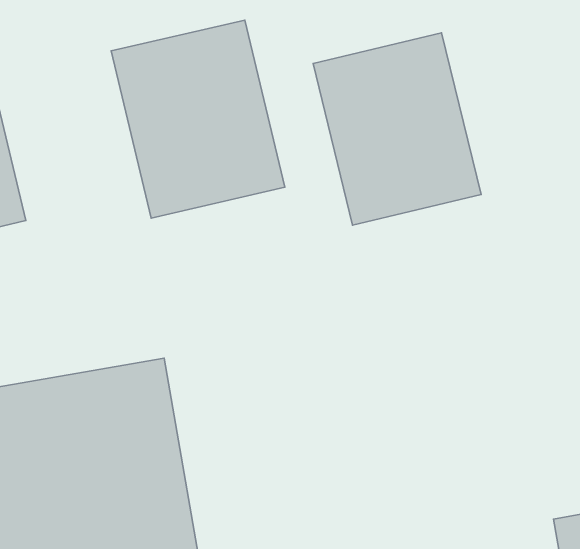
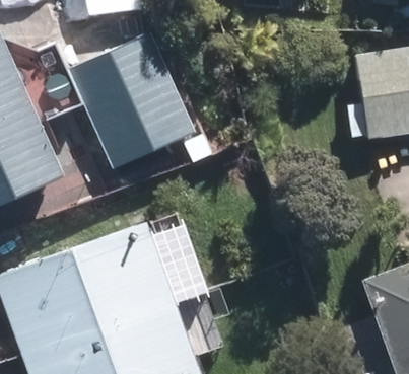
building: [313,33,481,225] -> none

